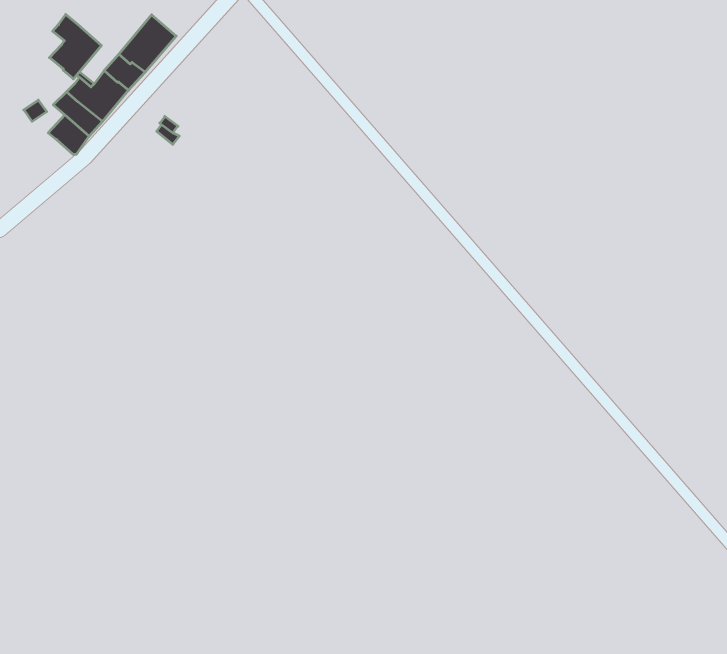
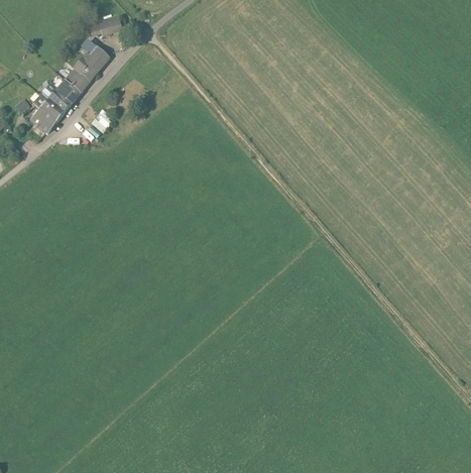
building: [49,14,101,79] -> none

